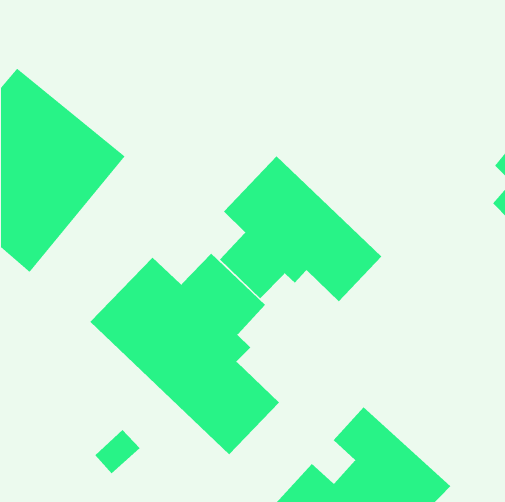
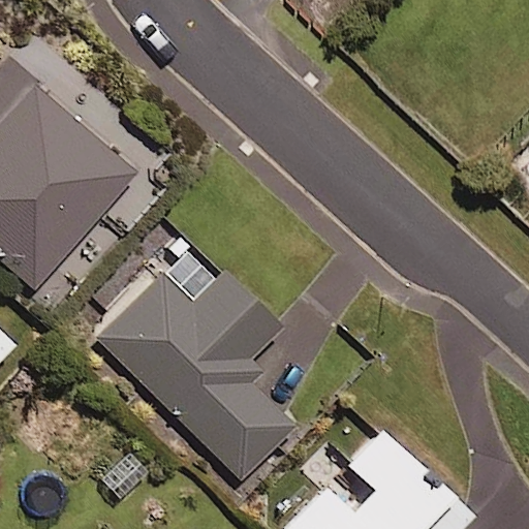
building: [219,156,382,302] -> none

